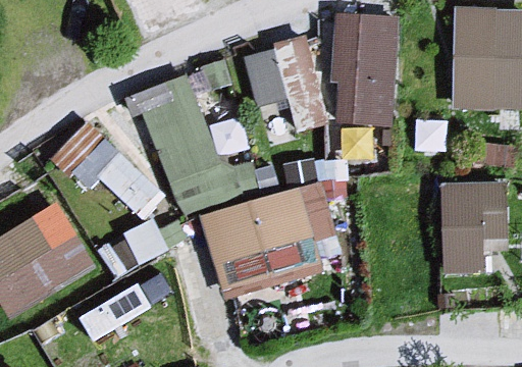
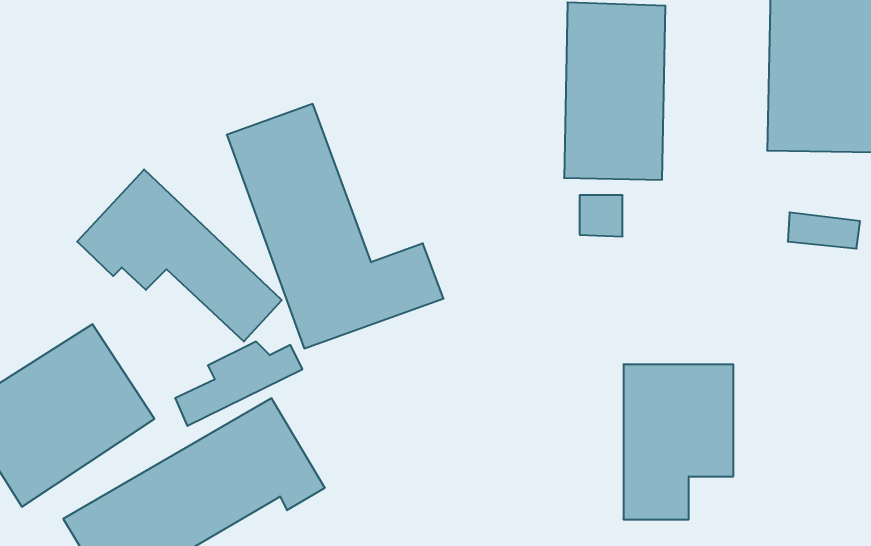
building: [243,39,329,141] -> none
building: [442,182,508,274] -> [623,364,733,519]
building: [201,189,331,291] -> none

